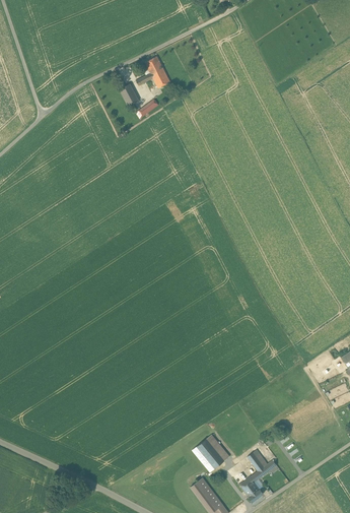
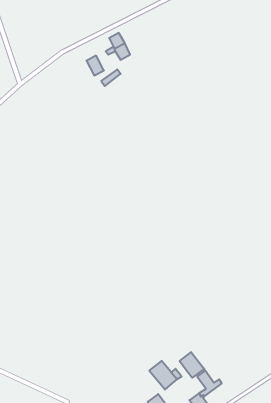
building: none -> [180,352,204,378]

